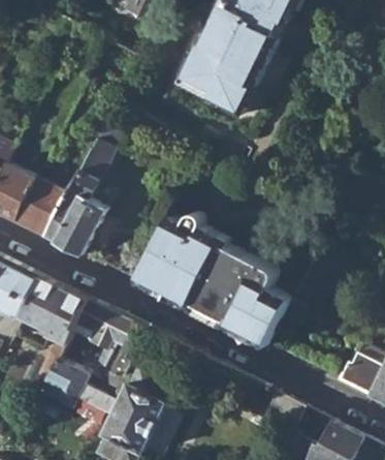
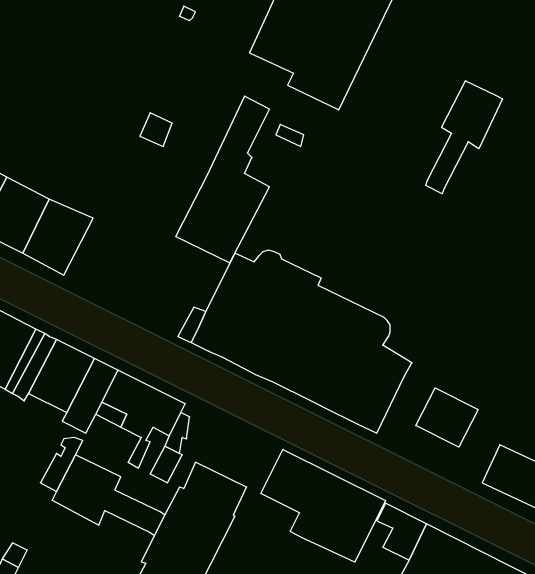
building: none -> [426,81,502,194]
building: [44,137,110,255] -> [176,96,269,263]
building: none -> [416,388,478,447]
building: none -> [261,449,386,562]

